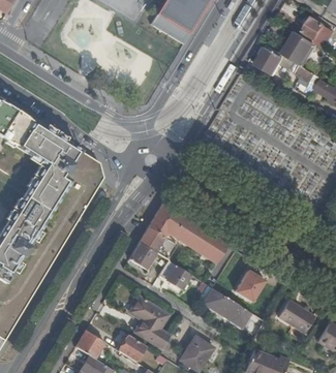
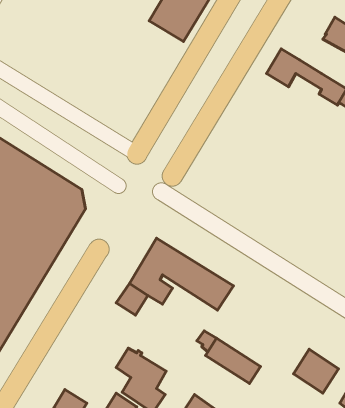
building: [282,31,315,64] -> none
building: [156,260,189,291] -> none
building: [234,269,264,301] -> none

